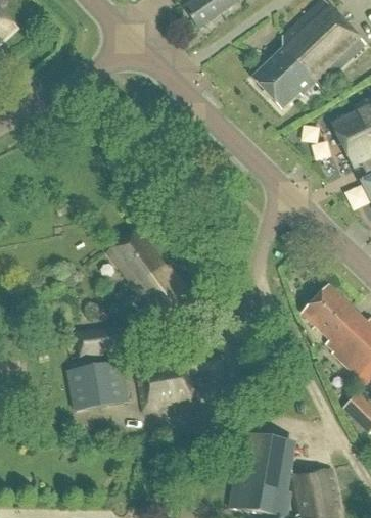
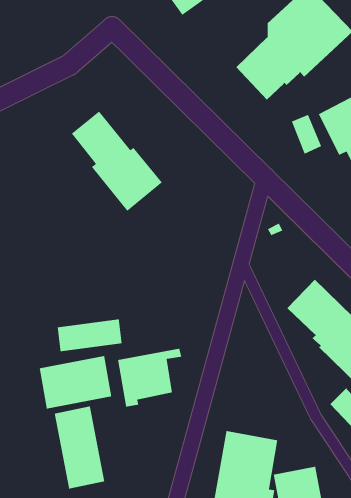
building: [108,228,198,327] -> [71,110,163,212]
building: none -> [54,405,105,490]

